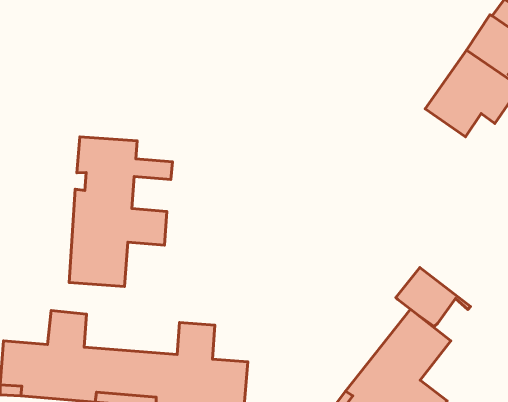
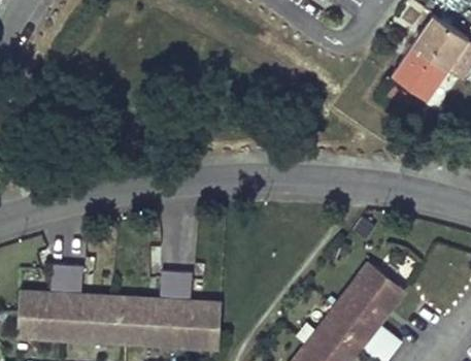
building: [69,137,172,287] -> none
building: [396,268,470,327] -> none

